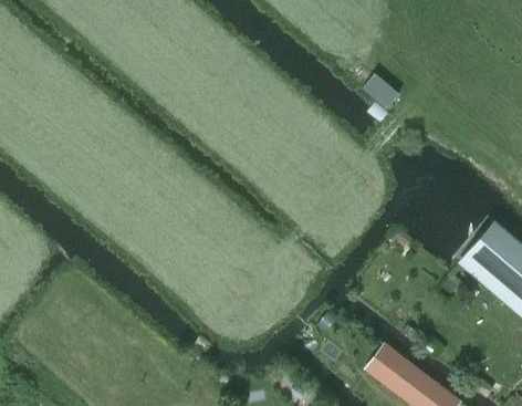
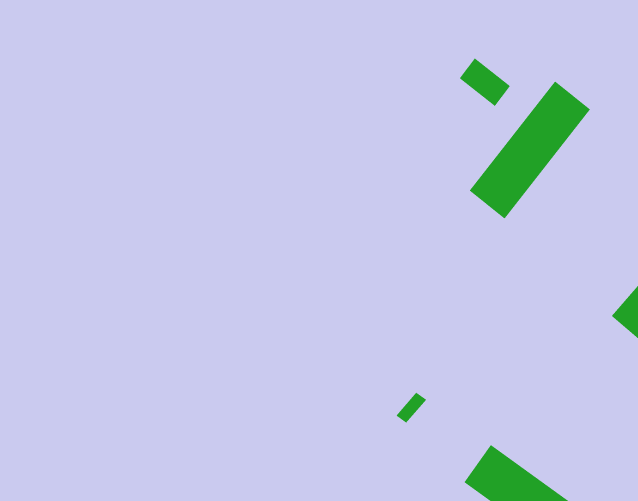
building: none -> [469,80,591,219]

